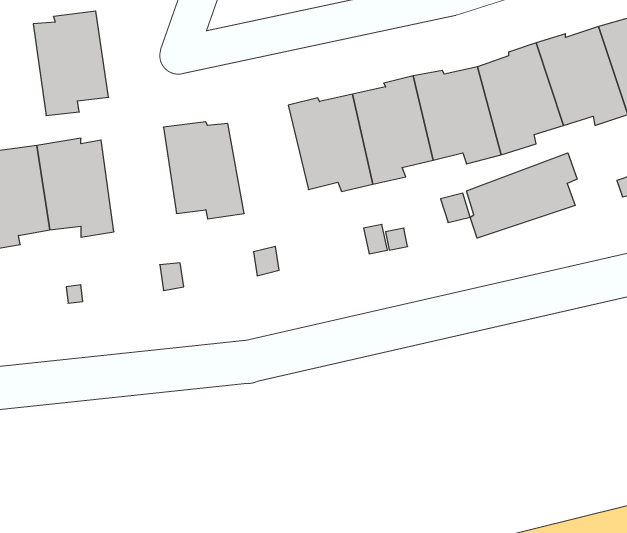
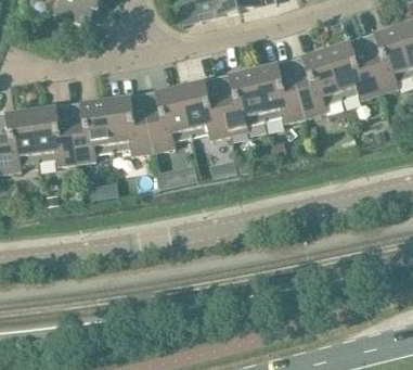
building: [33,11,109,116] -> [68,100,113,162]
building: none -> [143,87,191,151]
building: [466,153,577,238] -> none

